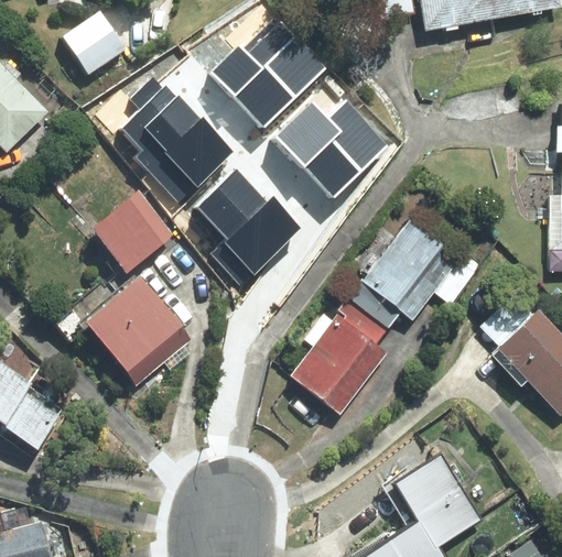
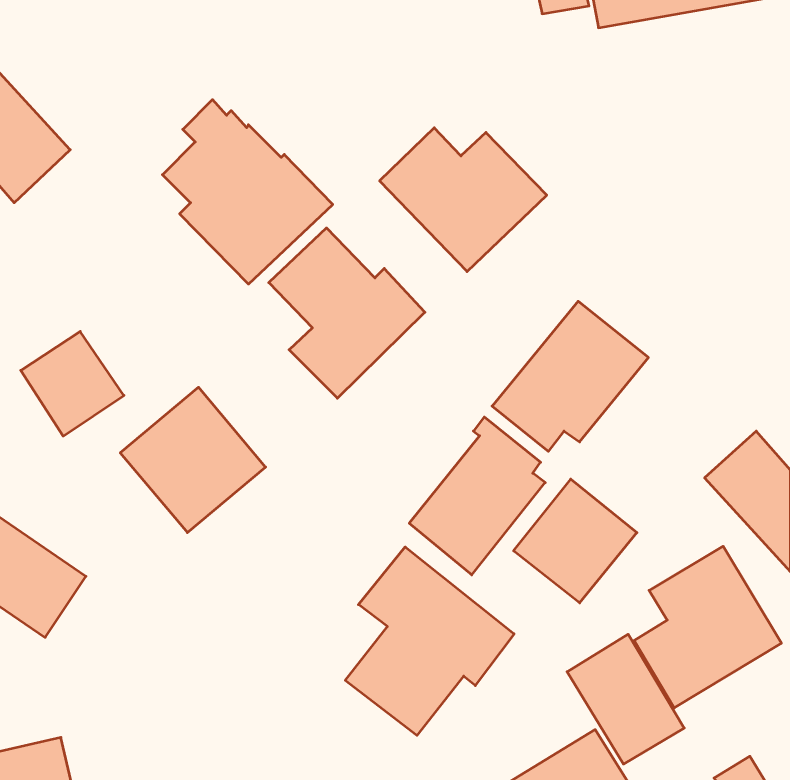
building: [63,14,123,75] -> none
building: [206,18,322,128] -> none
building: [105,198,177,272] -> [21,331,124,436]
building: none -> [514,479,637,603]
building: none -> [634,546,781,708]
building: none -> [345,547,514,735]

